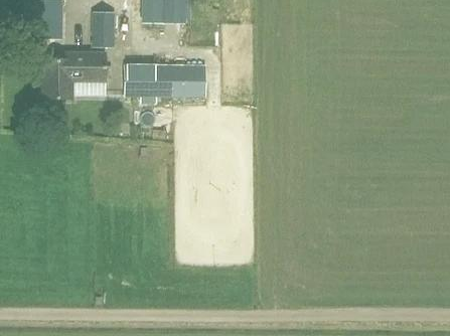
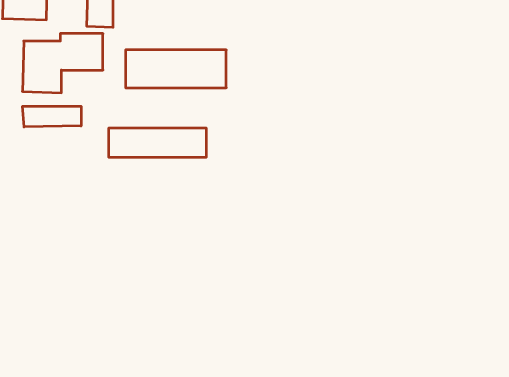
building: none -> [23,106,81,127]
building: none -> [109,128,206,157]

